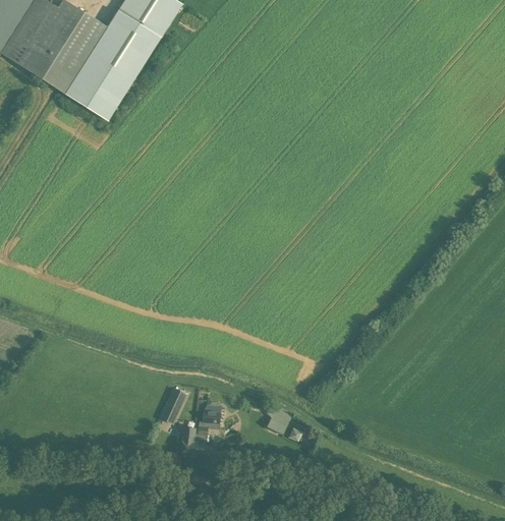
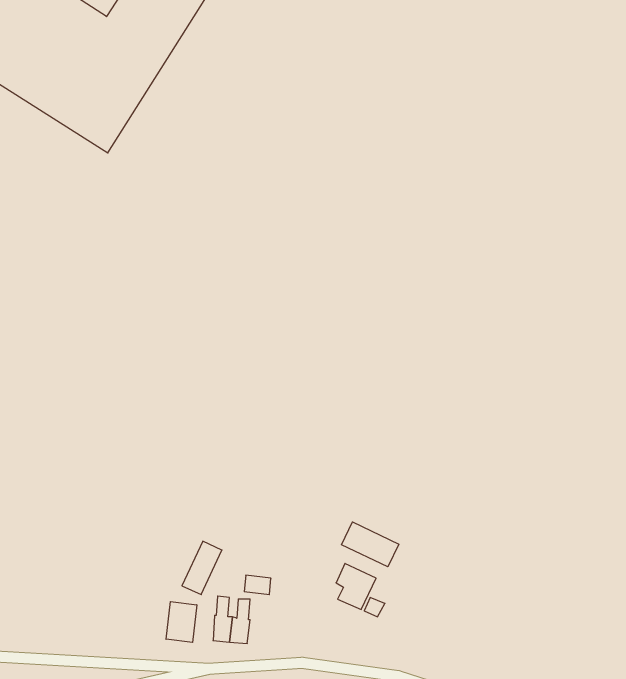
building: none -> [341,522,399,567]
building: none -> [166,602,197,642]

